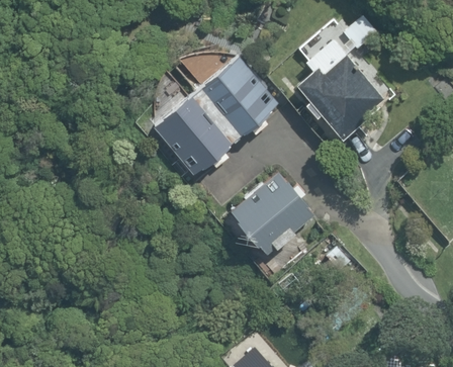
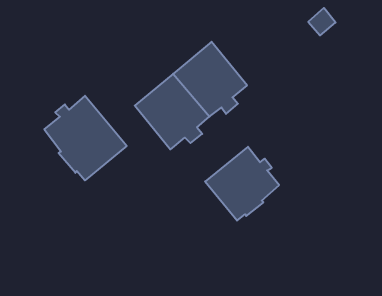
building: [298,38,383,137] -> none
building: none -> [44,96,127,180]

